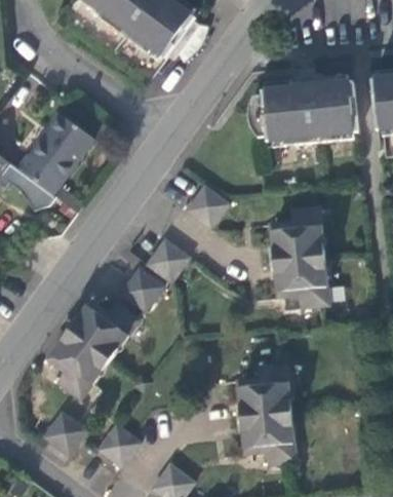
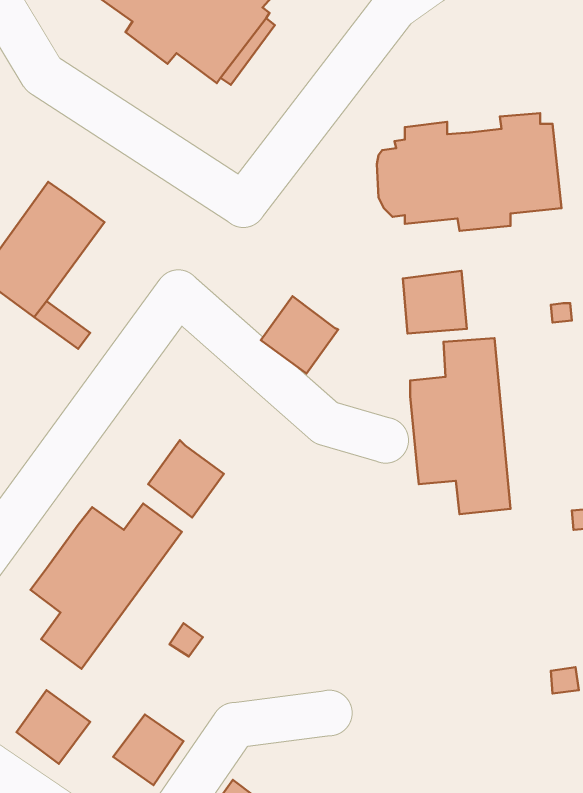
building: none -> [403,271,467,334]
building: [145,237,189,281] -> none
building: [237,364,296,466] -> none

